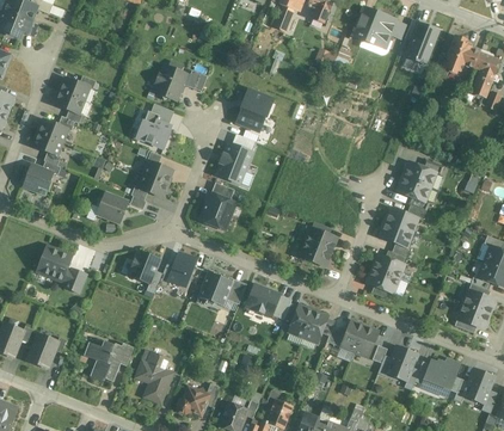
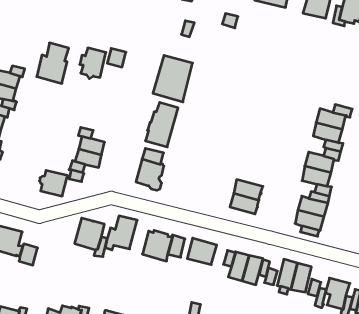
building: [136,103,174,148] -> [37,43,69,83]

